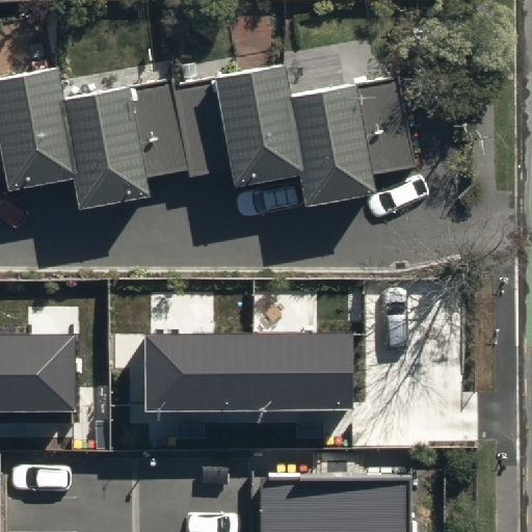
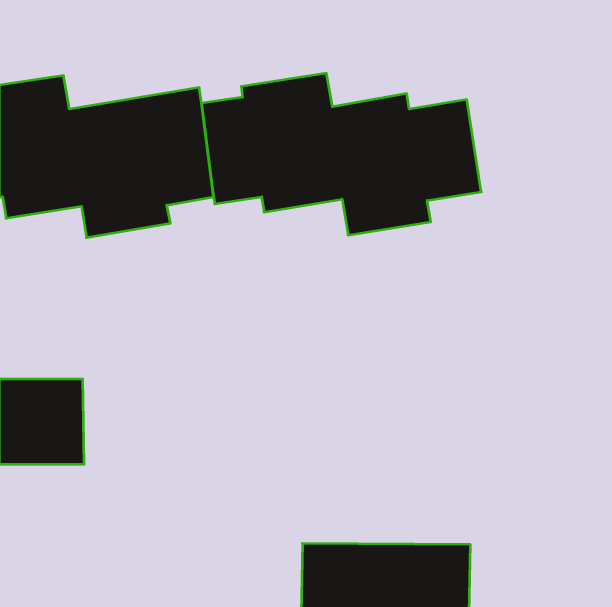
building: [143,330,350,407] -> none

